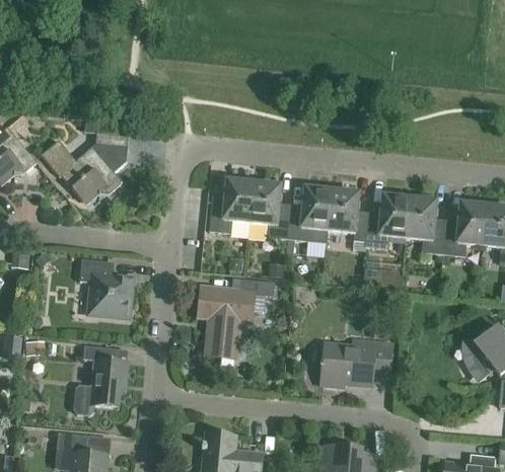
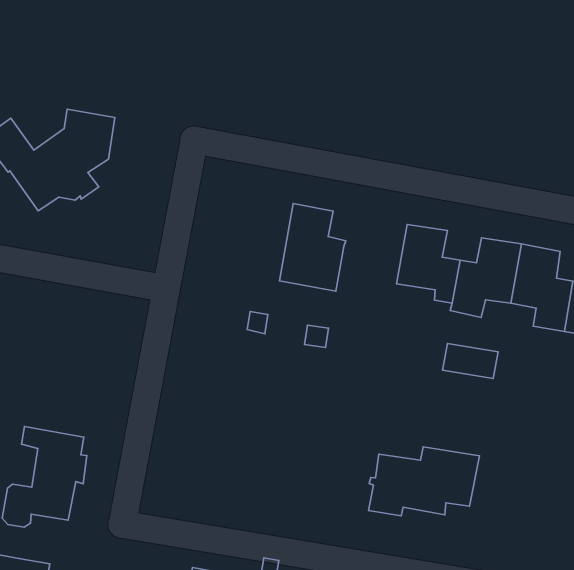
building: [209,180,254,235] -> none
building: [287,187,332,243] -> none
building: [79,259,133,318] -> none
building: [195,276,274,360] -> none

